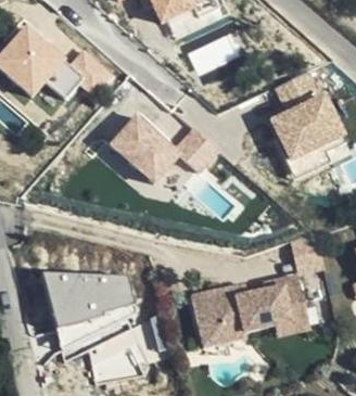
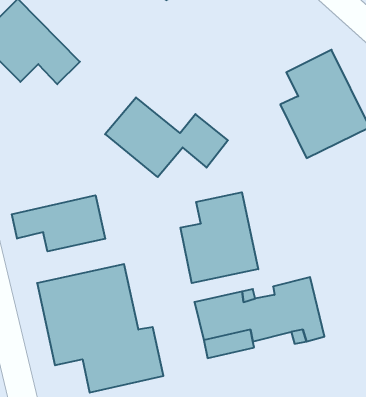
building: [187,29,243,76] -> none
building: none -> [180,192,258,283]
building: none -> [12,195,105,251]

